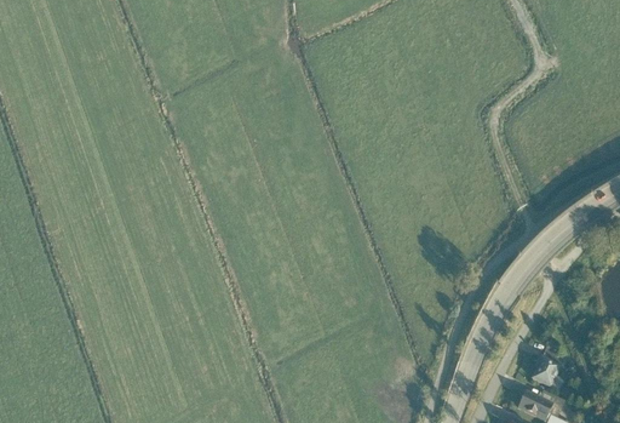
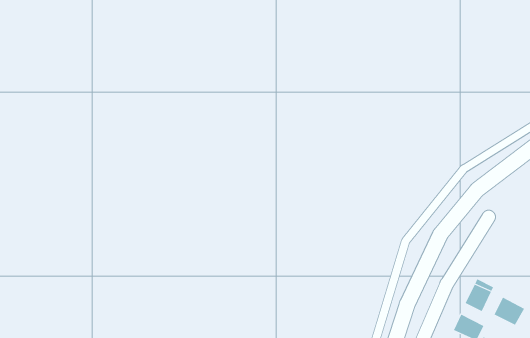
building: none -> [494,297,525,325]

